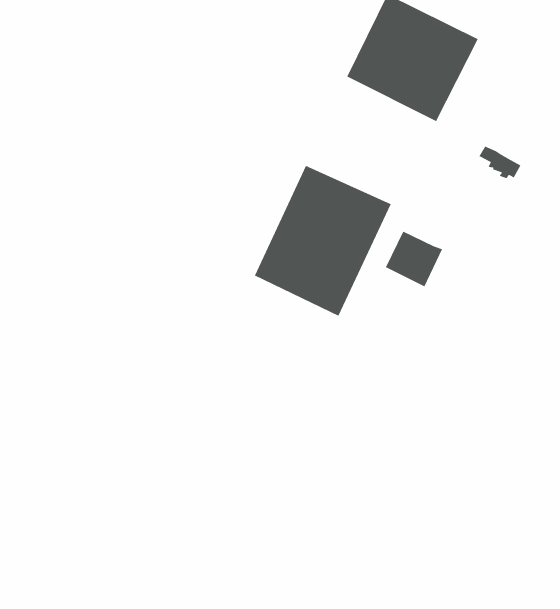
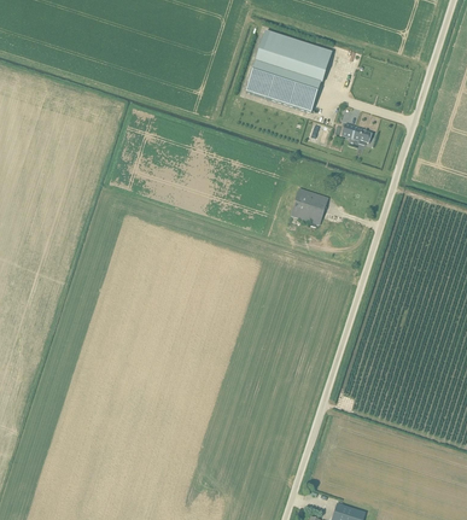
building: [254,165,392,317] -> none

